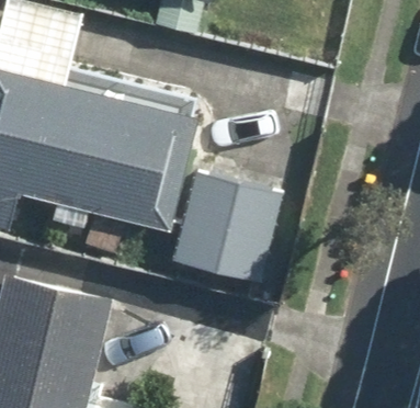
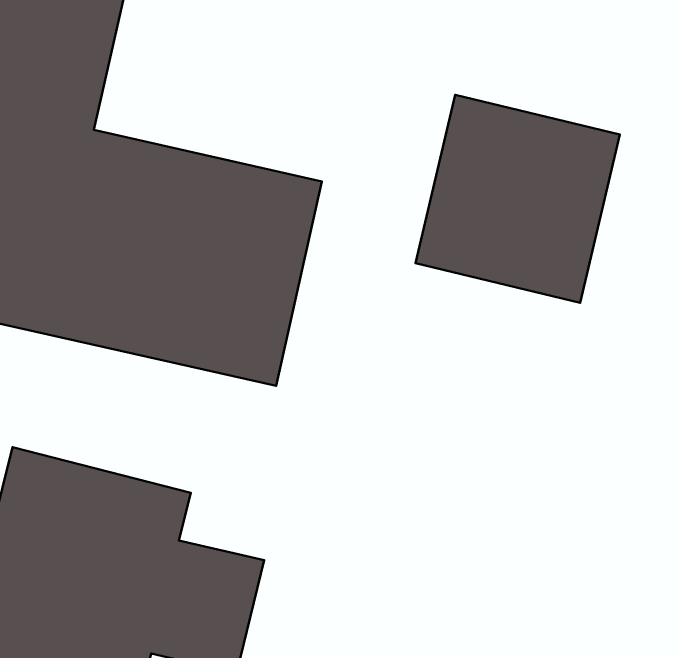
building: [168,169,281,284] -> [415,95,620,303]

